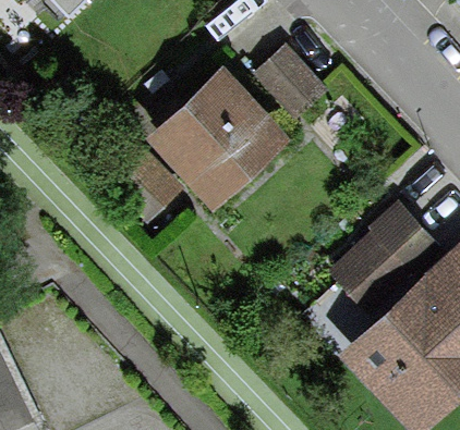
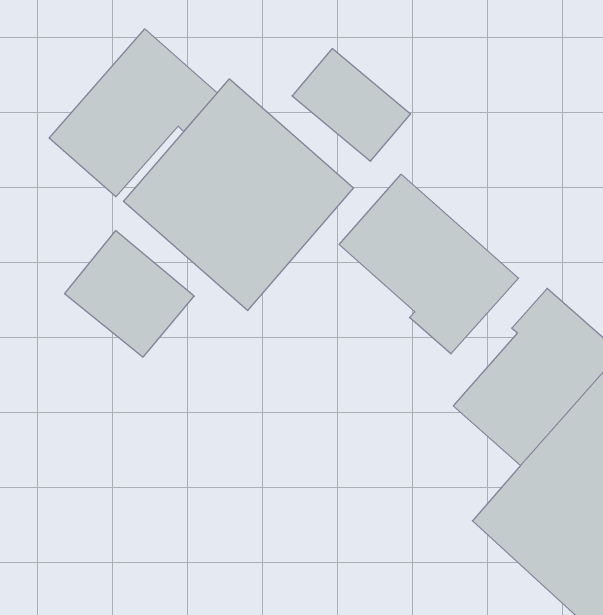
building: none -> [49,29,217,197]
building: none -> [339,174,519,354]

